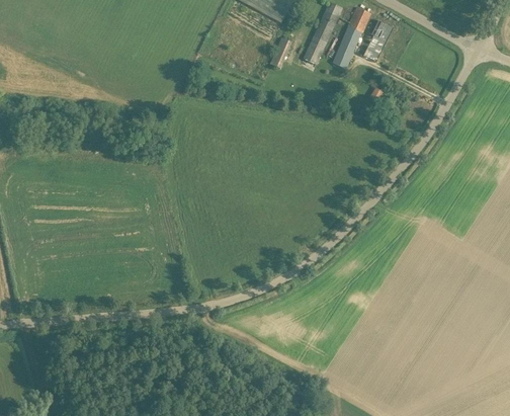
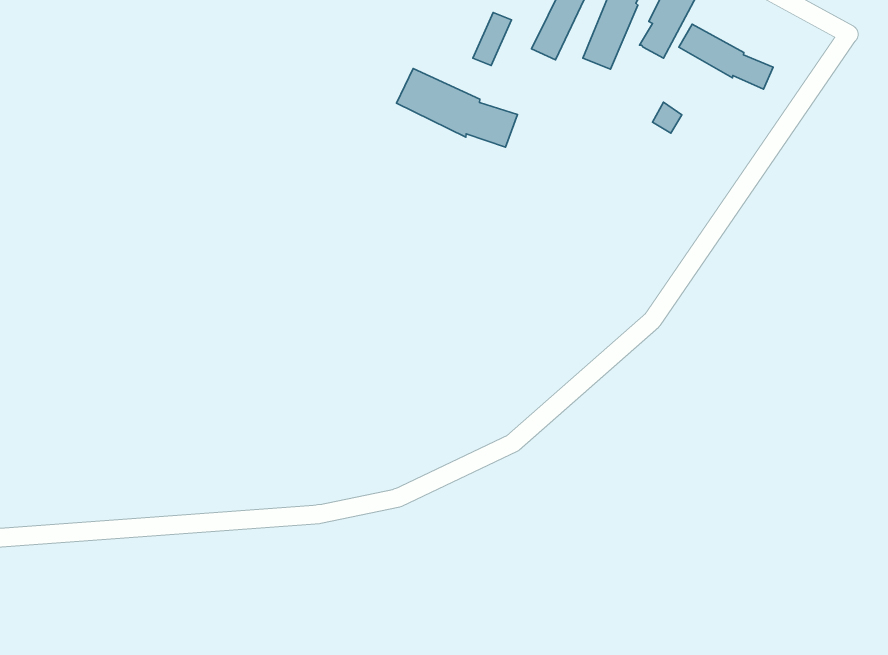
building: none -> [679,24,773,89]
building: none -> [397,68,518,147]

